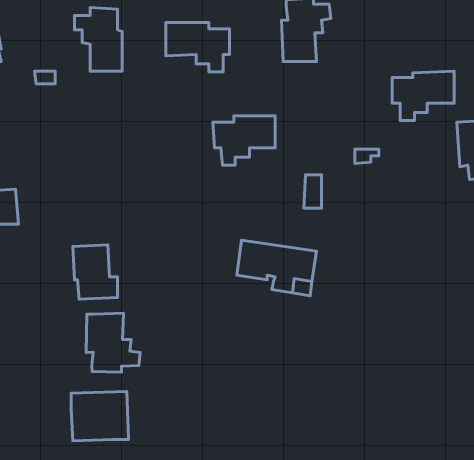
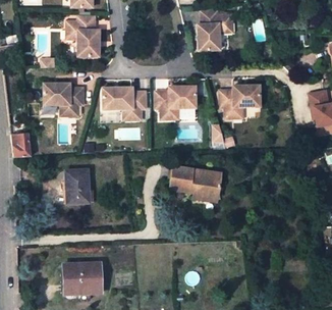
building: [166,23,229,72] -> [103,87,144,118]
building: [392,71,454,121] -> [219,86,259,117]
building: none -> [44,83,82,114]
building: [86,313,140,372] -> none

